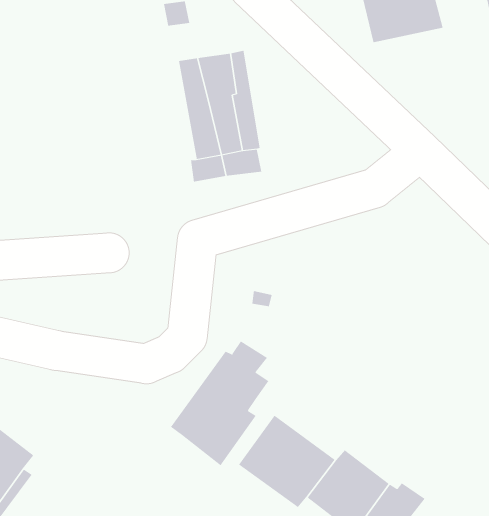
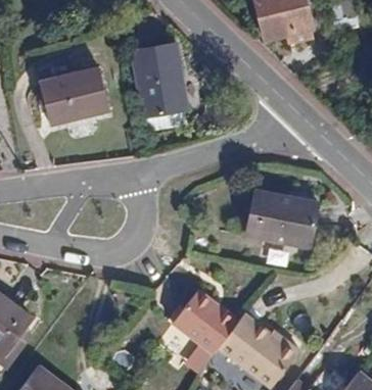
building: none -> [39,68,110,127]
building: none -> [247,190,317,247]
building: [170,341,269,466] -> none

